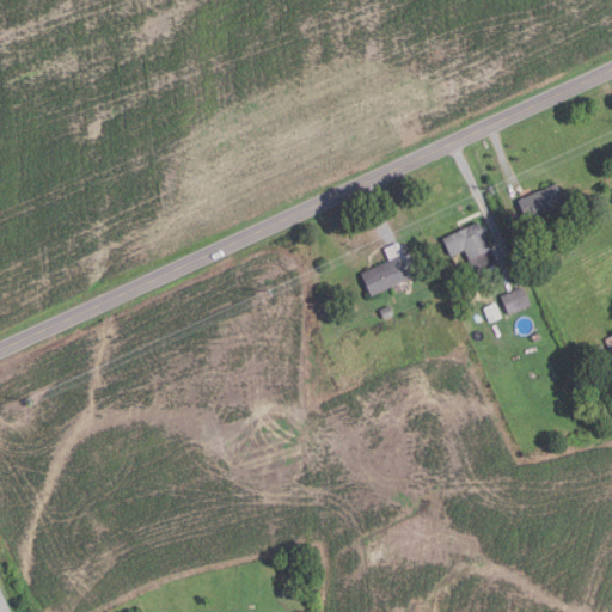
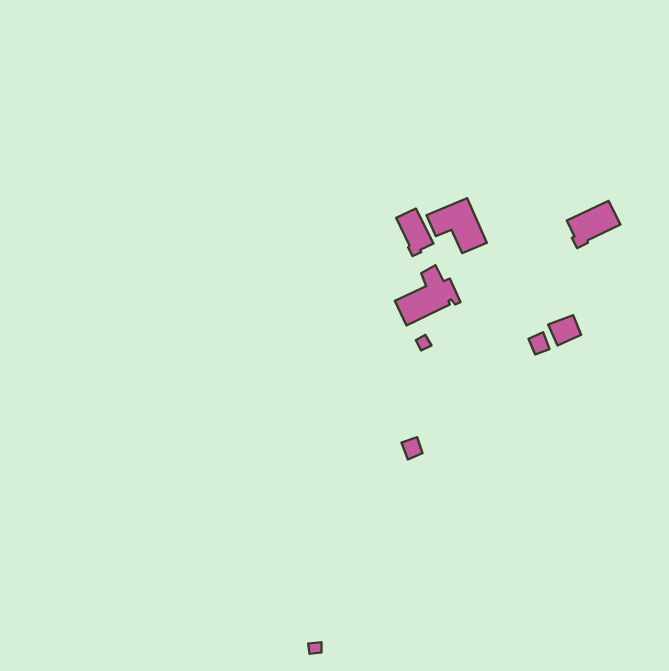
building: none -> [396,208,433,256]
building: [441,221,496,271] -> [427,198,487,253]

